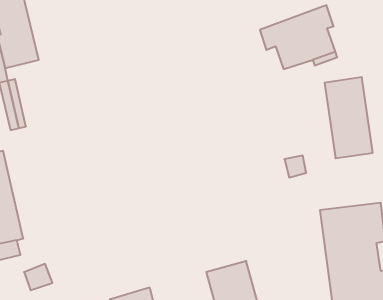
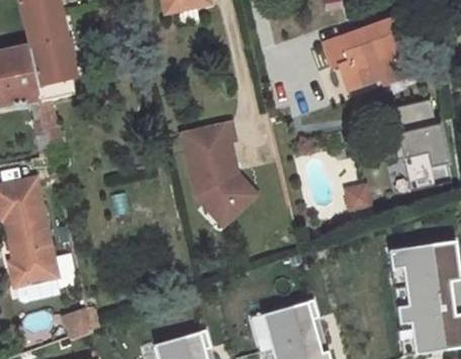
building: none -> [180,121,256,226]

